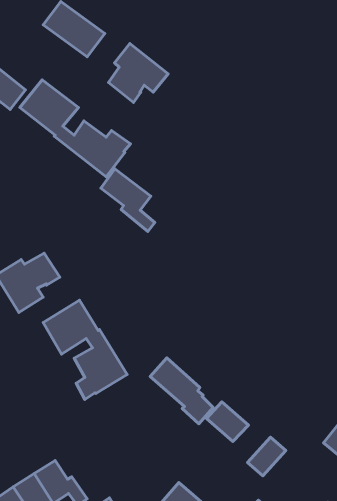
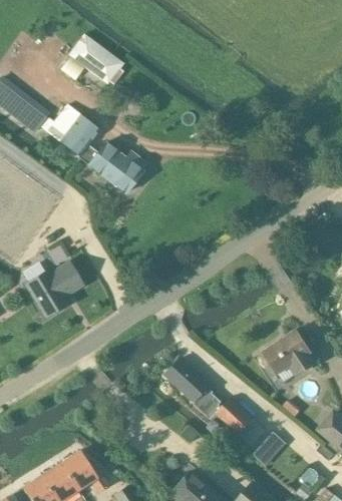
building: [108,44,168,103] -> none
building: [101,169,155,231] -> none
building: [43,300,127,399] -> none
building: none -> [263,331,315,384]

